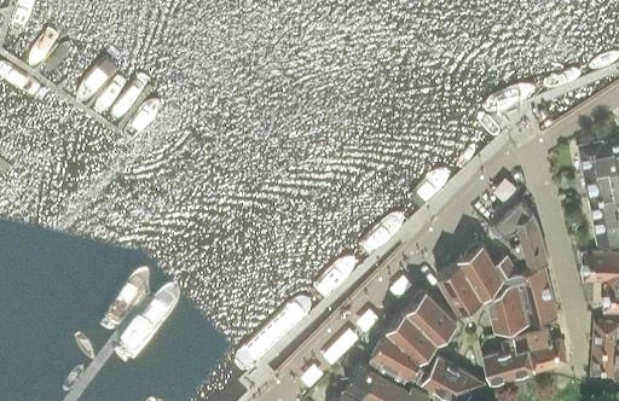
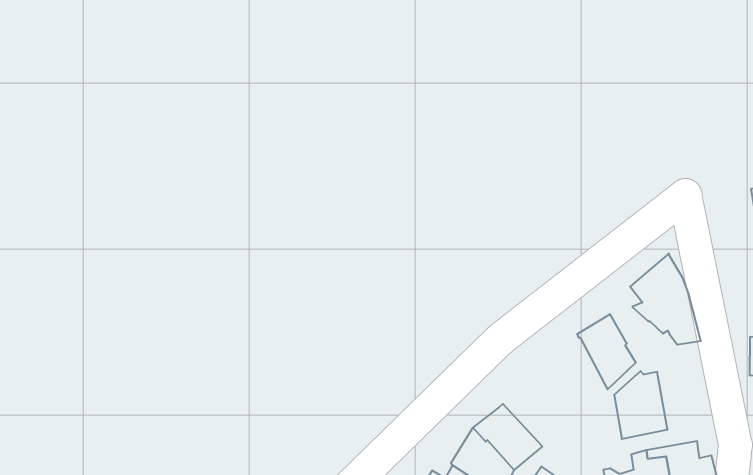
building: [481,244,557,325] -> none
building: [436,262,482,313] -> none
building: [407,291,457,342] -> none

